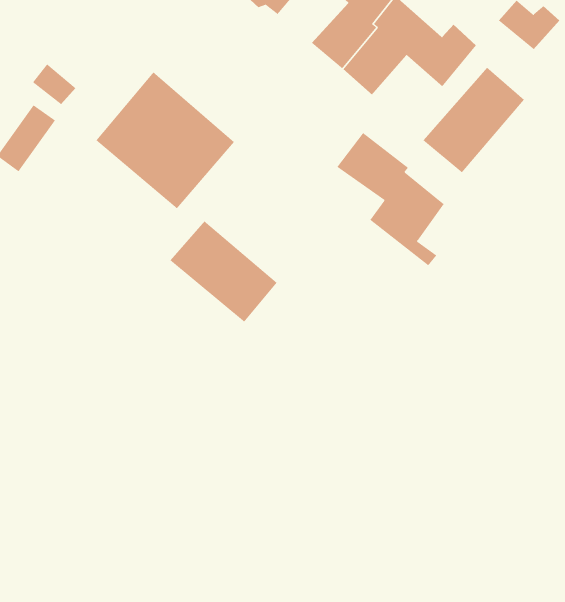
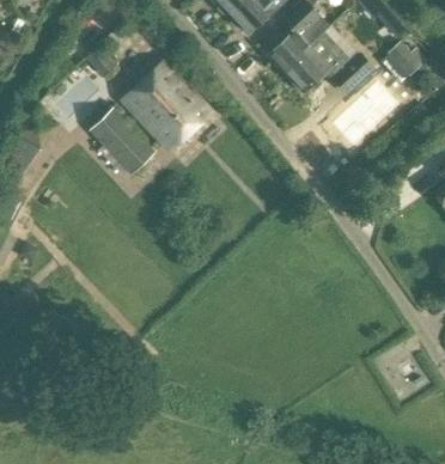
building: [336,132,445,266] -> none
building: [169,220,277,323] -> [89,106,156,175]

